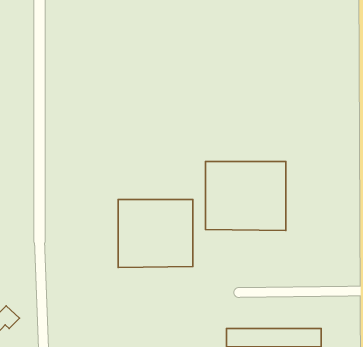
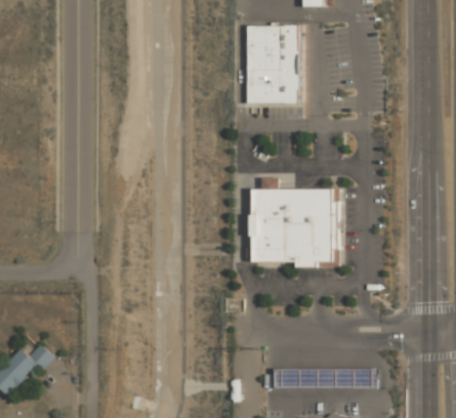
building: none -> [246,25,297,102]
building: [118,200,193,268] -> none

